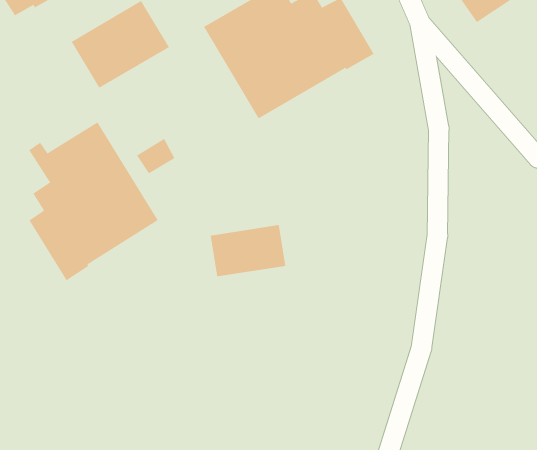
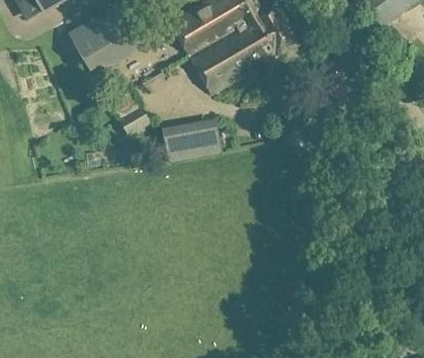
building: [27,121,159,281] -> none
building: [210,225,286,277] -> [162,120,220,160]

